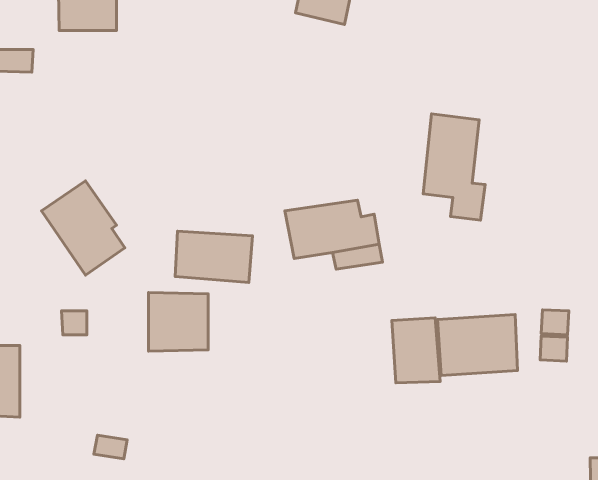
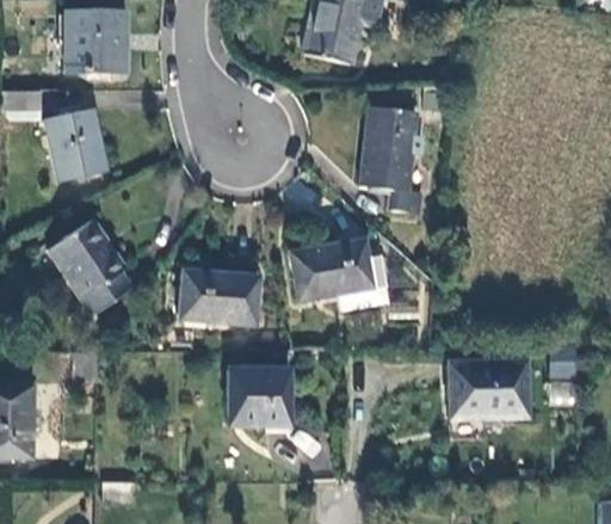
building: none -> [48,111,107,184]
building: [423,114,485,220] -> [363,107,425,214]
building: [149,293,208,351] -> [226,366,285,425]
building: [392,318,440,383] -> none

